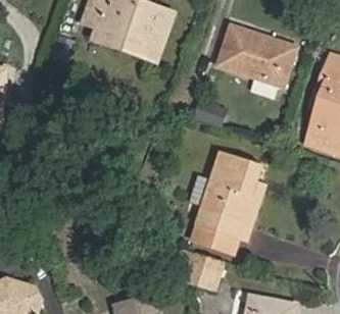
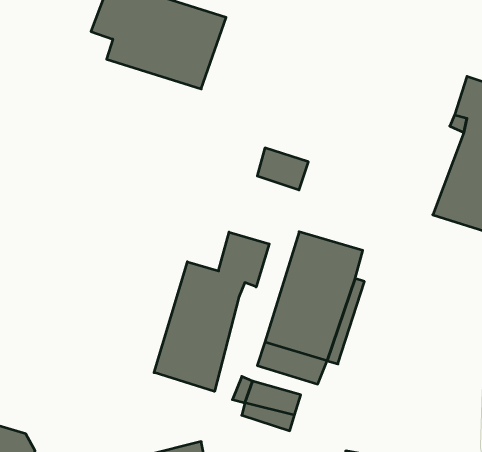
building: [218,28,293,85] -> none
building: none -> [154,232,269,391]

